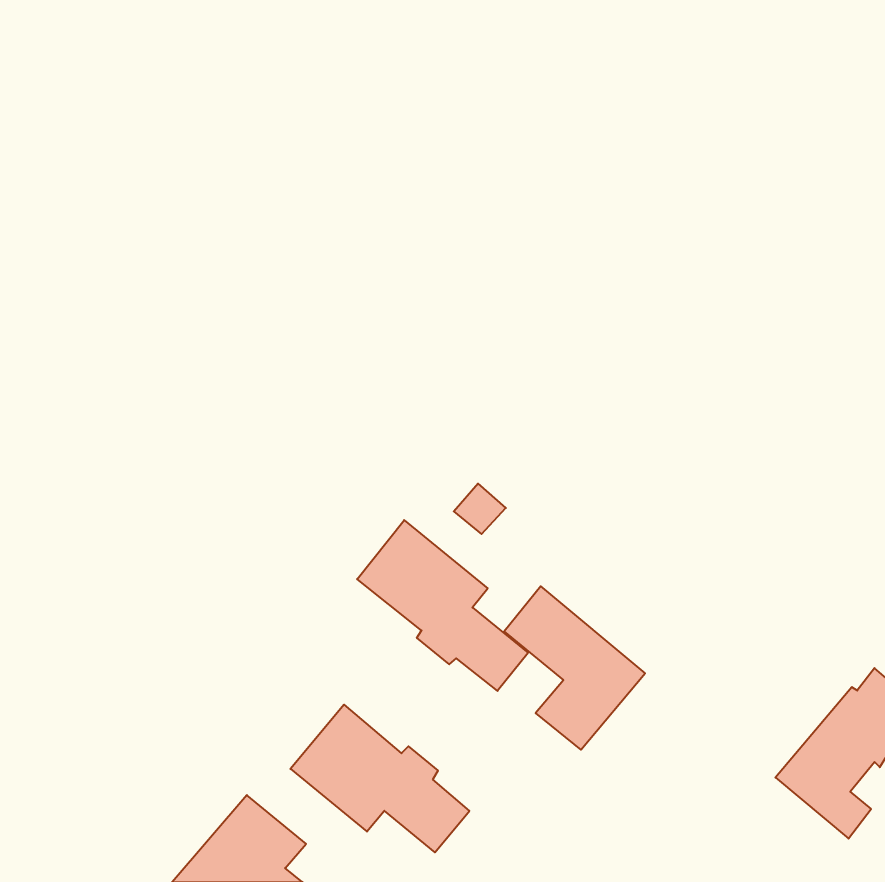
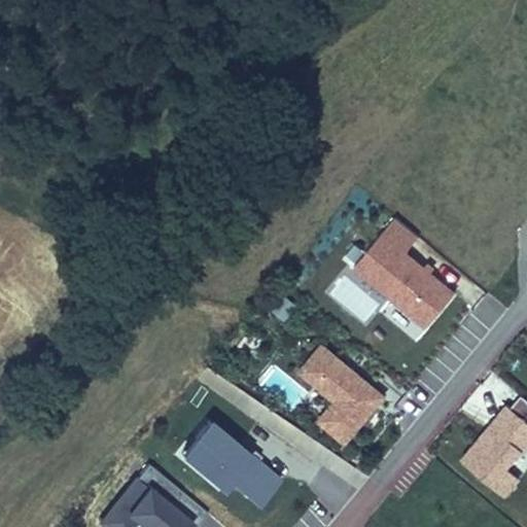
building: none -> [357,222,455,329]
building: [357,520,528,691] -> none

